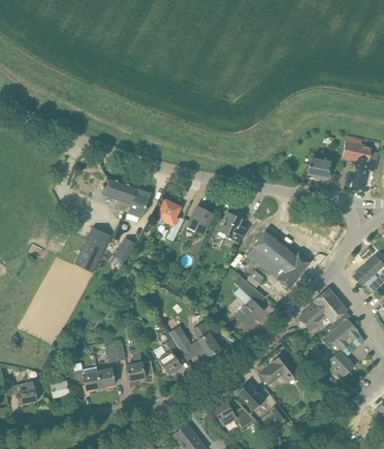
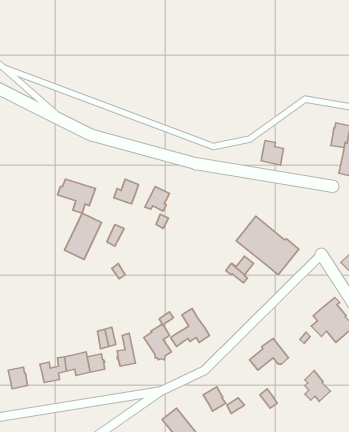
building: [308,153,330,178] -> [261,140,284,165]
building: [99,177,137,211] -> [57,179,95,213]
building: [183,205,211,238] -> none
building: [215,211,246,243] -> none
building: [299,287,347,328] -> none
building: [229,298,263,327] -> none
building: [328,345,354,376] -> [305,371,330,401]
building: [236,381,265,410] -> none

